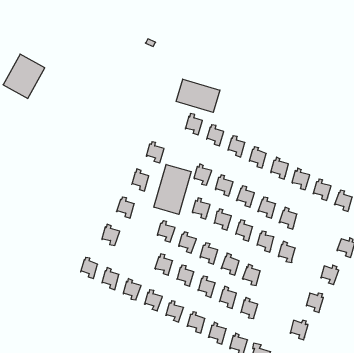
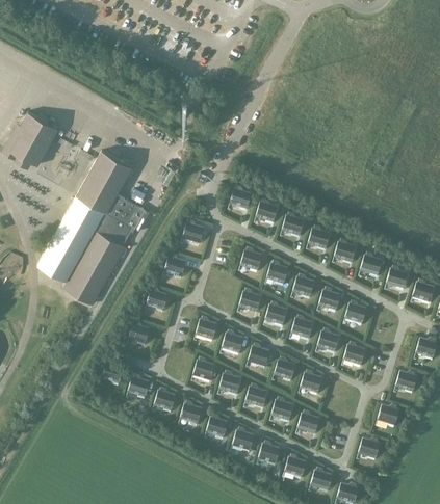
building: [176,79,220,112] -> none
building: none -> [37,151,149,306]
building: [154,164,191,214] -> none

